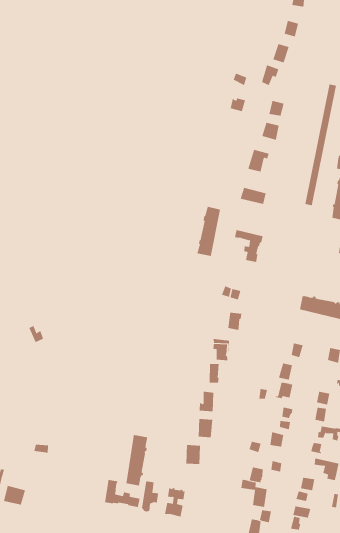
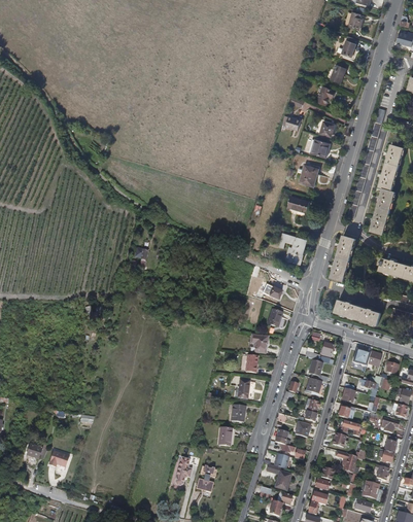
building: [197,206,221,257] -> [329,235,354,281]
building: [126,434,148,487] -> none
building: [104,479,140,508] -> none

